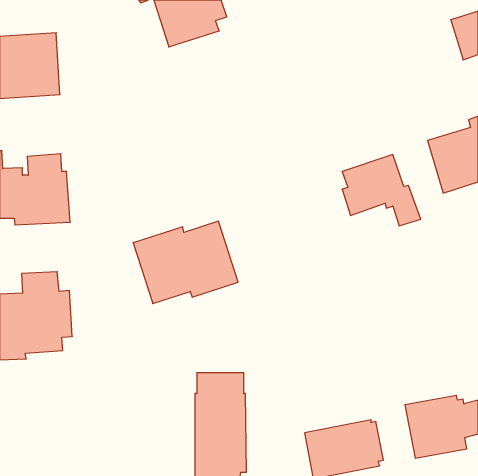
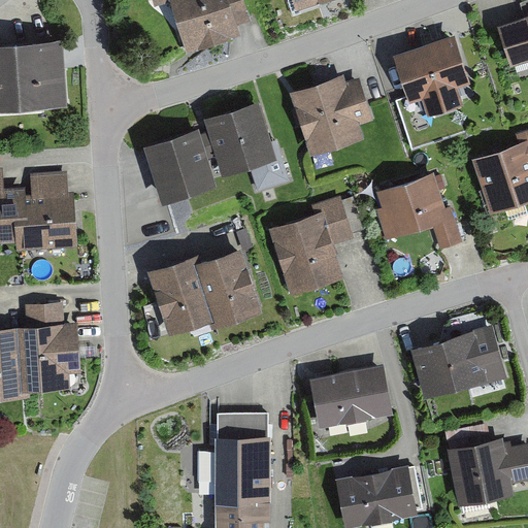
building: none -> [392,33,471,118]
building: none -> [289,74,373,157]
building: none -> [143,102,288,204]
building: none -> [267,198,353,297]
building: none -> [409,311,506,400]
building: none -> [308,364,392,429]

